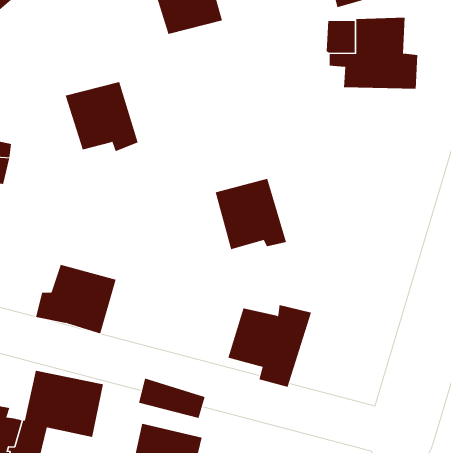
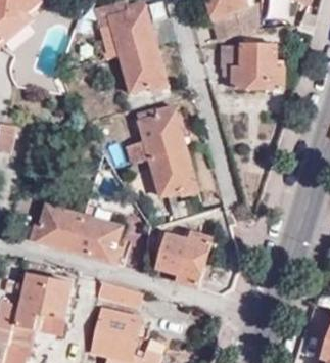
building: [65,82,138,152] -> [117,45,166,91]
building: none -> [138,107,183,157]
building: none -> [74,215,121,263]

